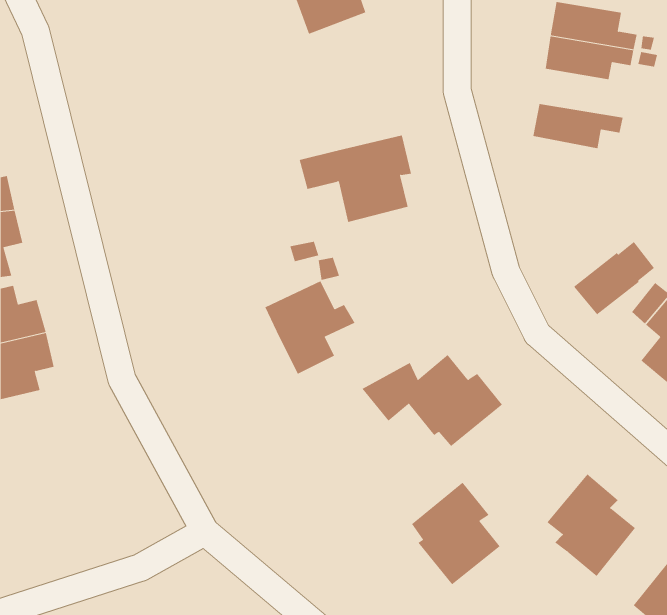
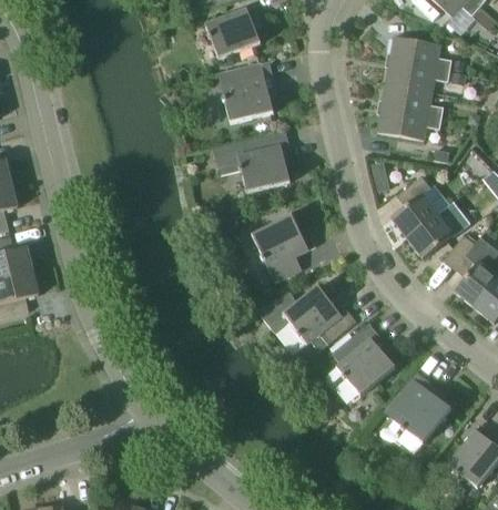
building: none -> [221,63,275,123]
building: none -> [382,84,443,119]
building: none -> [390,176,437,238]
building: [264,281,355,375] -> [252,216,316,283]
building: [411,482,501,585] -> [332,323,395,396]

